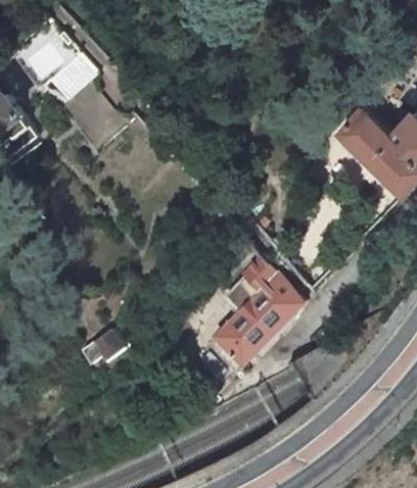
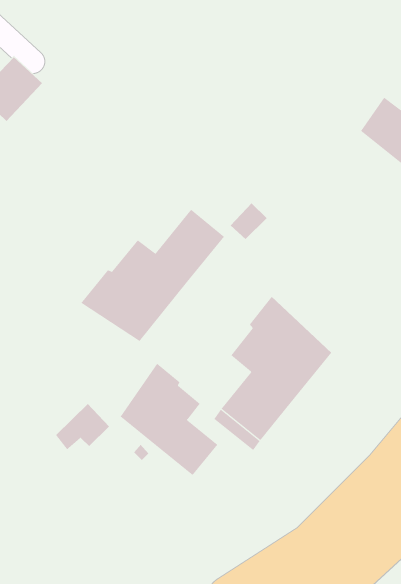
building: none -> [80,209,225,342]
building: none -> [120,363,218,476]

